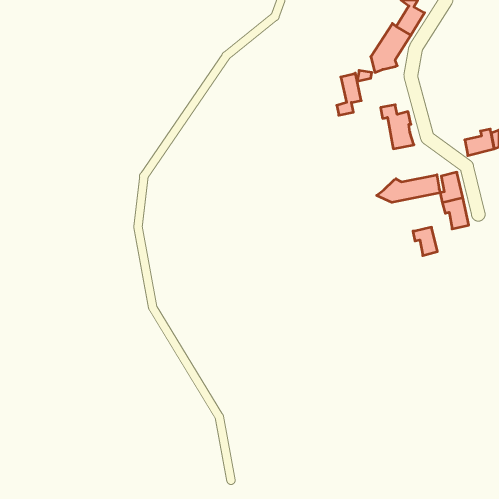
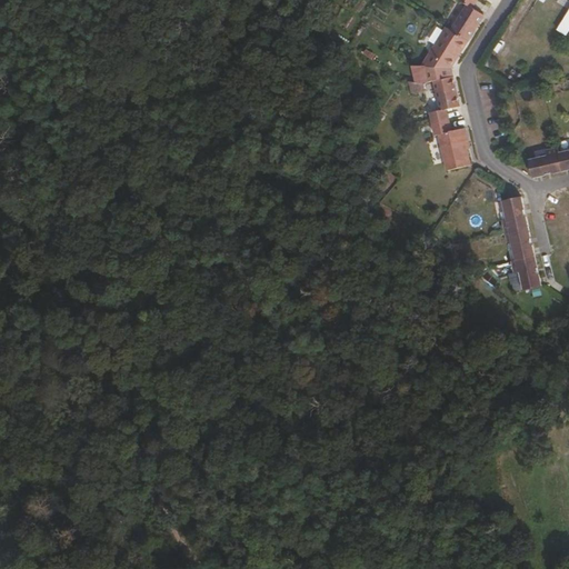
building: [337,73,361,115] -> [430,76,458,123]
building: [377,175,440,202] -> none
building: [413,227,437,256] -> [511,257,539,289]

